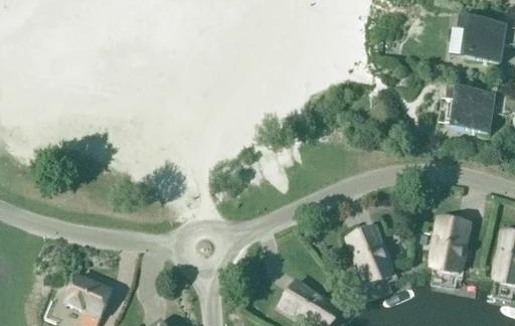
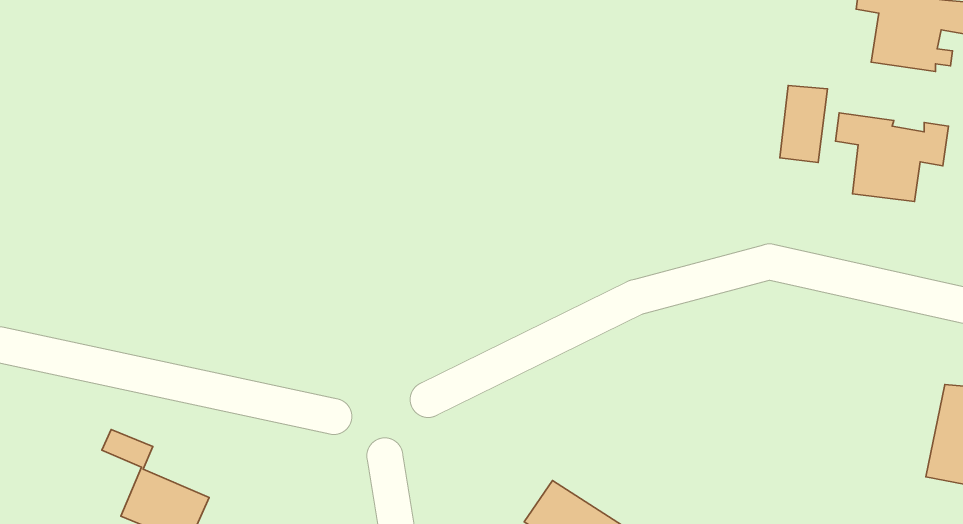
building: none -> [780,85,827,163]
building: [432,216,467,271] -> none
building: [348,224,391,282] -> none

